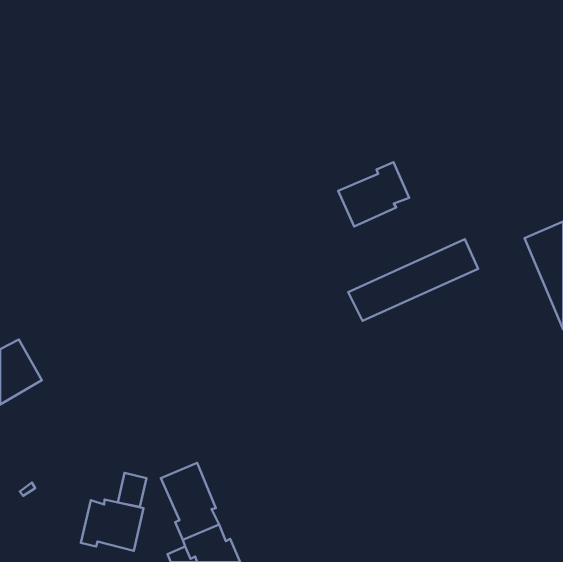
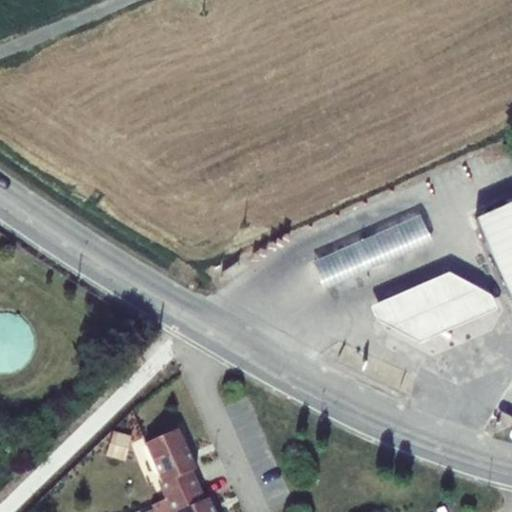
building: [338,162,409,227] -> none
building: none -> [367,271,493,340]
building: [81,500,144,551] -> none

